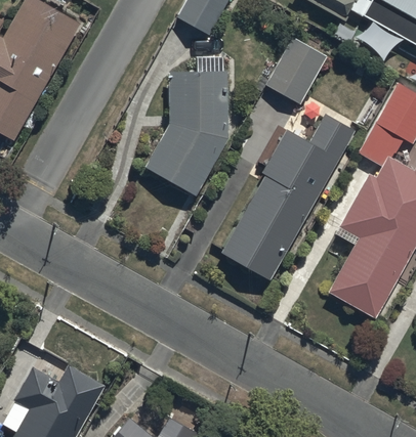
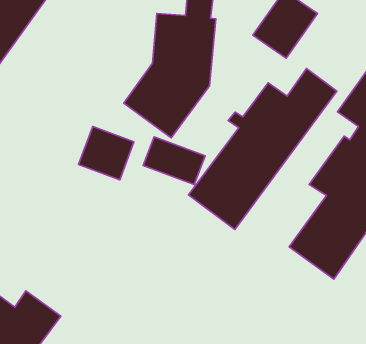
building: none -> [78,127,134,180]
building: none -> [143,137,205,184]

